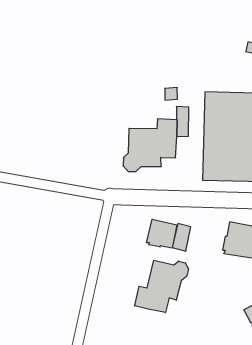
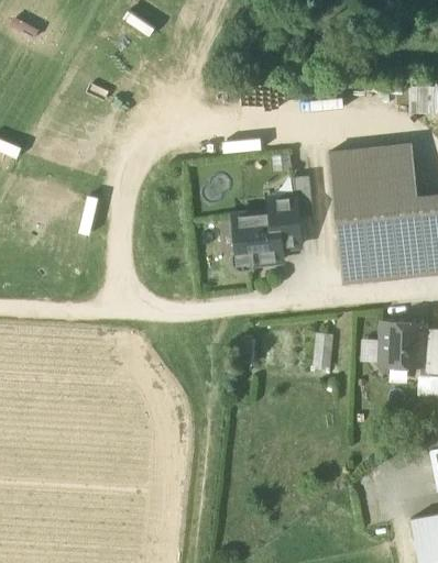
building: [147,219,177,248] -> none
building: [135,260,188,313] -> none

